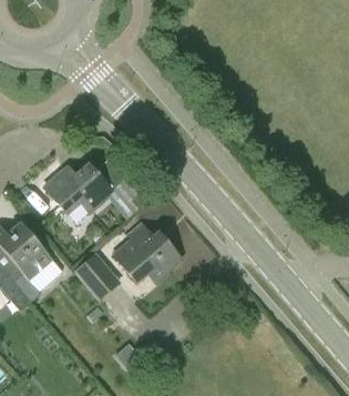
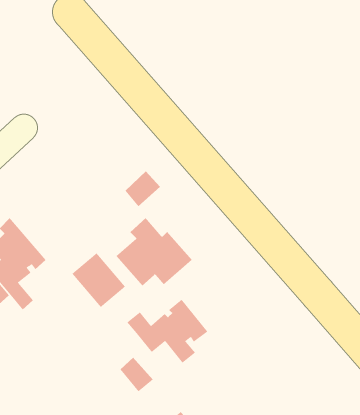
building: [43,164,113,213] -> none
building: none -> [127,299,208,363]

